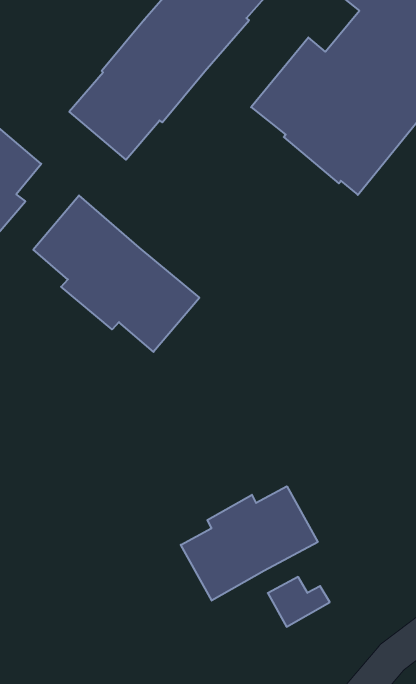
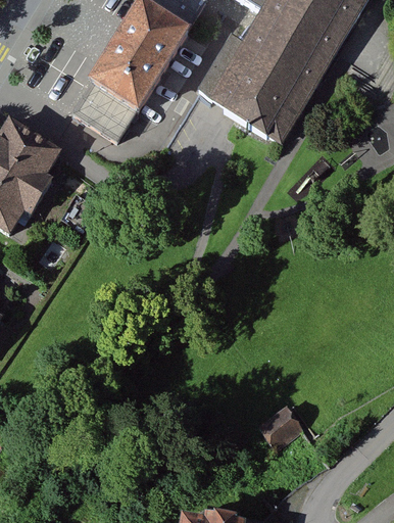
building: [33,195,199,352] -> none
building: [181,486,318,601] -> none

